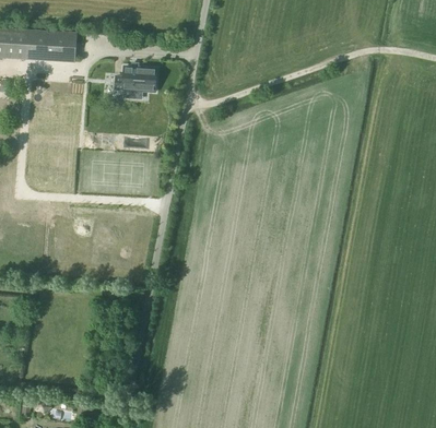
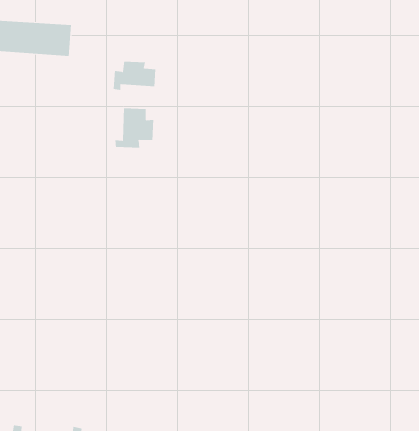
building: none -> [115,107,154,149]

